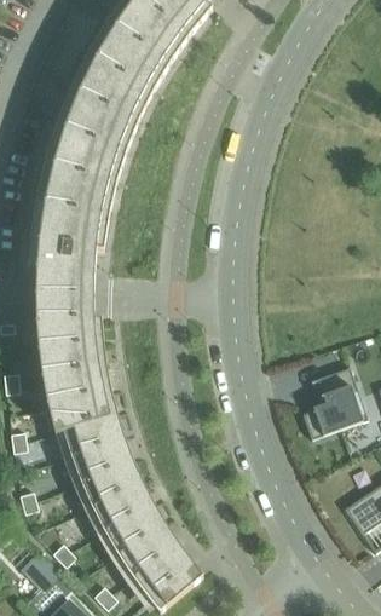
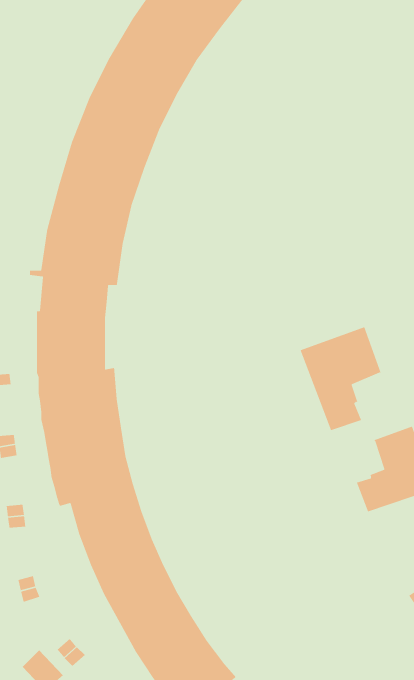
building: none -> [299,326,382,431]

